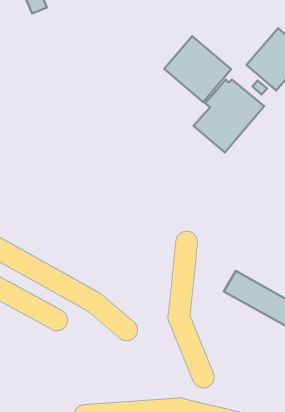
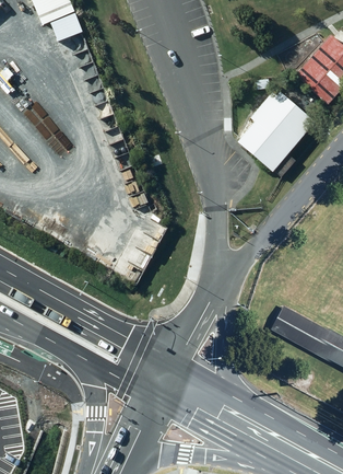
building: [164,36,231,102] -> none

